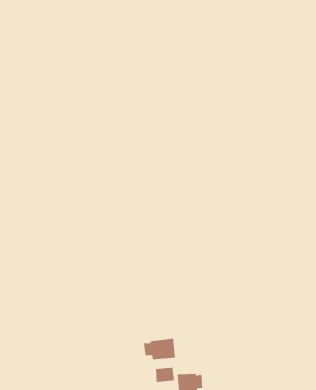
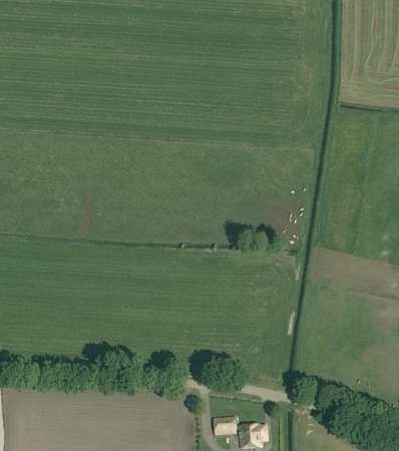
building: [143,338,175,360] -> none

